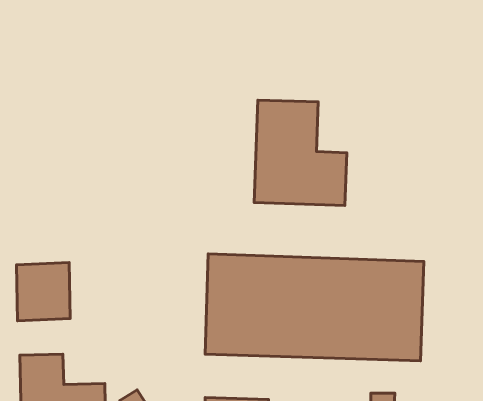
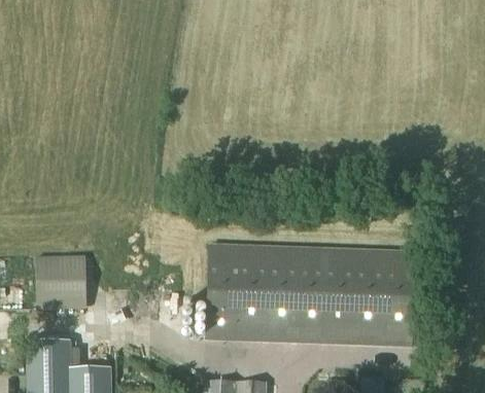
building: [254,100,347,205] -> none

